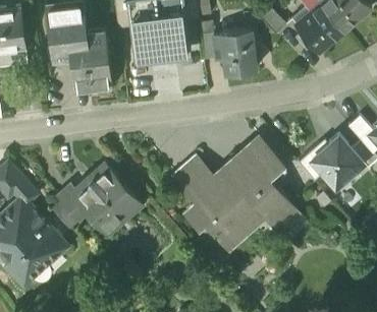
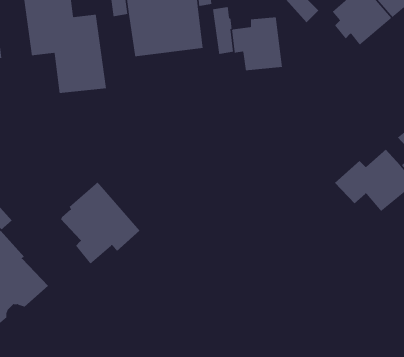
building: [173,138,304,250] -> none
building: [56,185,92,223] -> none

